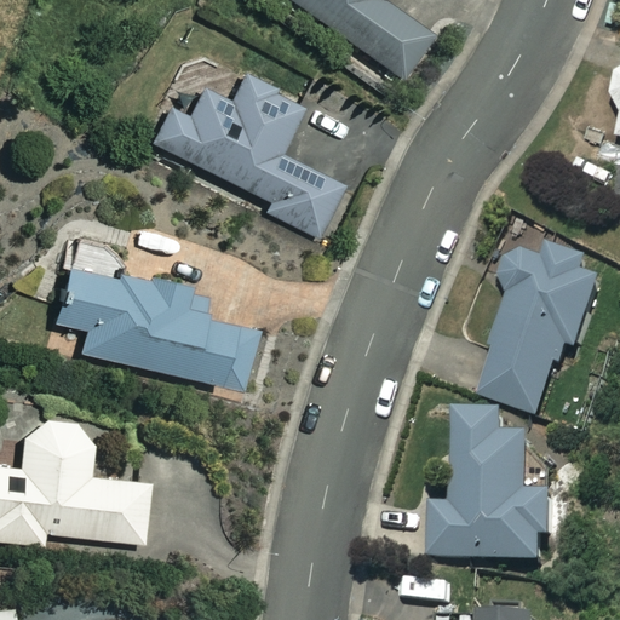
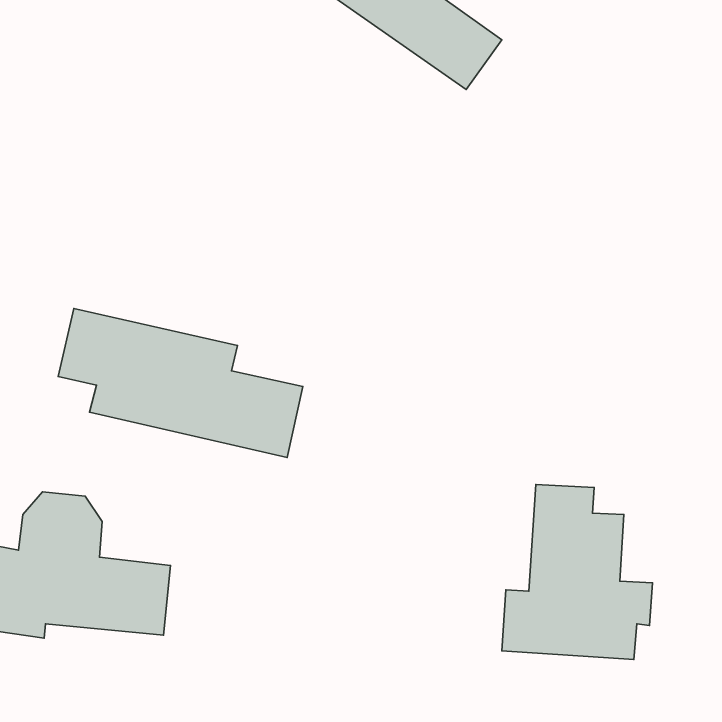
building: [148,70,341,236] -> none
building: [478,240,599,414] -> none

